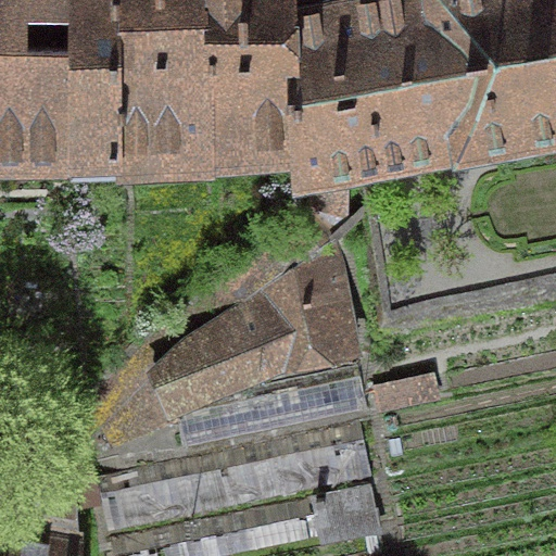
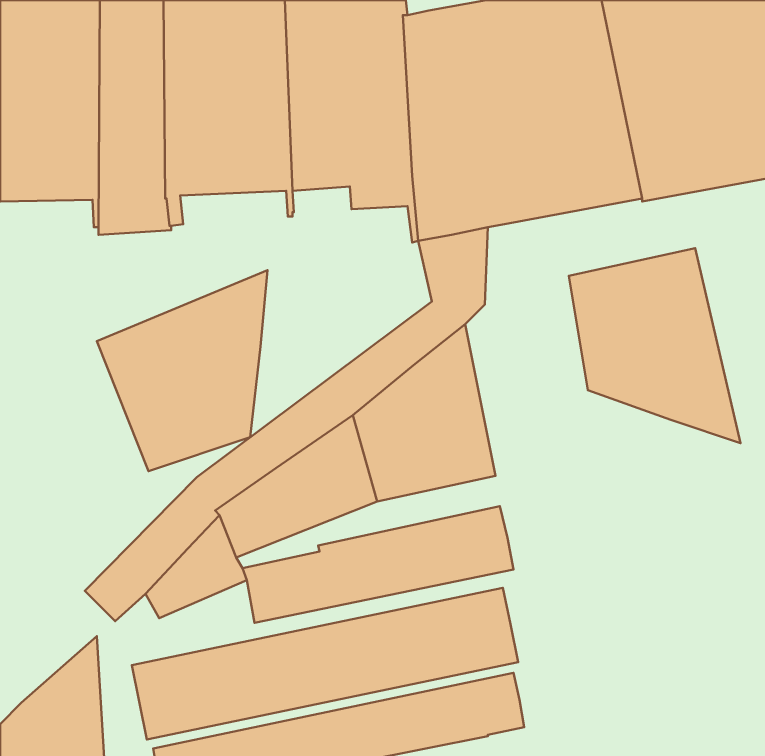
building: none -> [569,248,741,443]
building: none -> [97,270,267,471]

